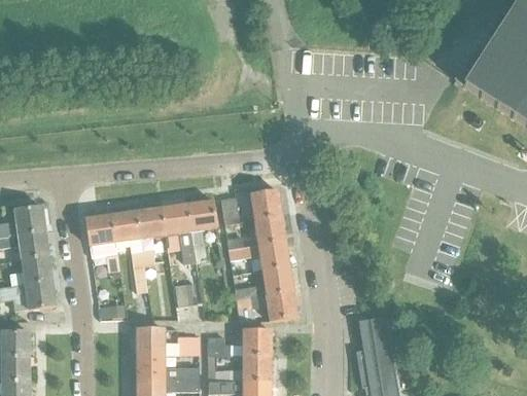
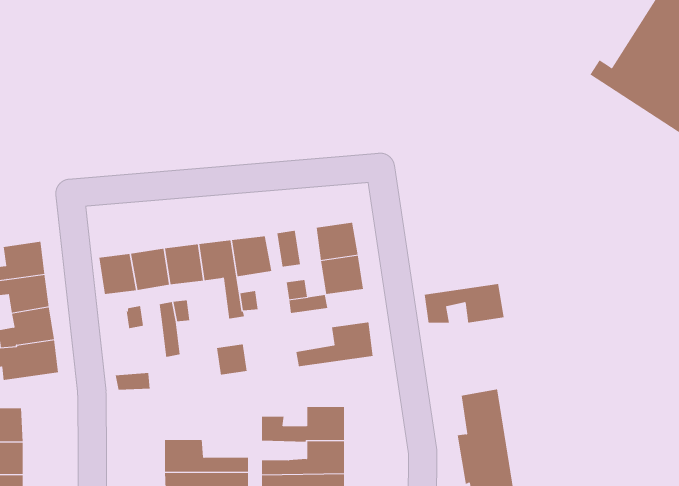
building: [256,242,289,271] -> none
building: [236,292,296,322] -> [424,283,504,323]
building: [134,329,199,355] -> none

